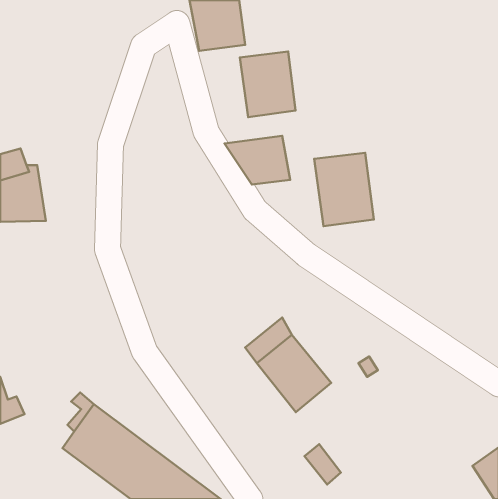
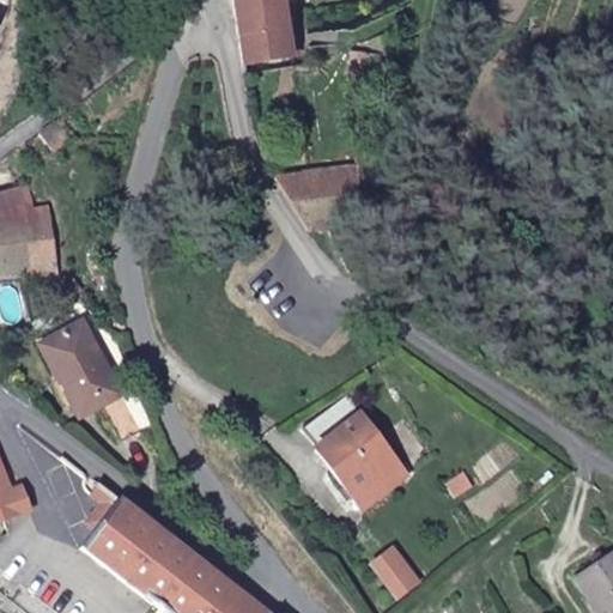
building: [240,52,296,117] -> none
building: [314,153,374,226] -> none
building: none -> [41,317,148,433]

